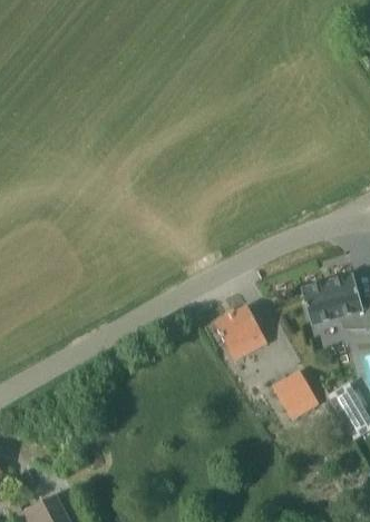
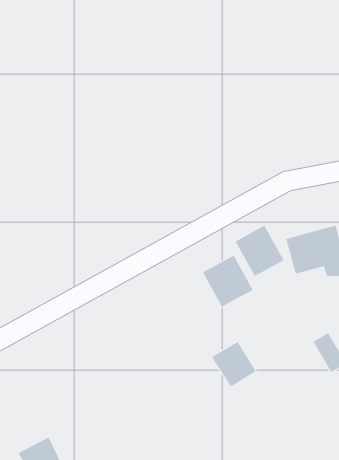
building: none -> [235,225,284,277]
building: [272,371,319,418] -> [211,341,256,387]

